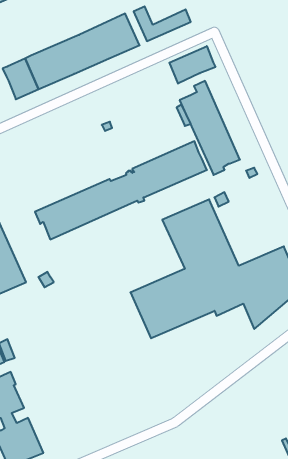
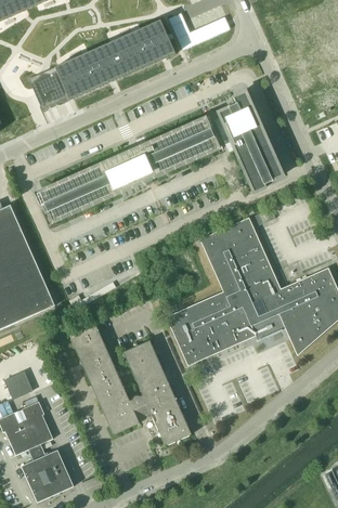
building: [169,46,215,84] -> none
building: [35,141,207,239] -> [36,117,218,221]
building: none -> [68,321,191,444]

